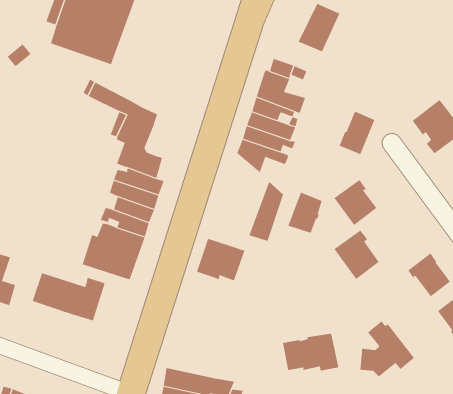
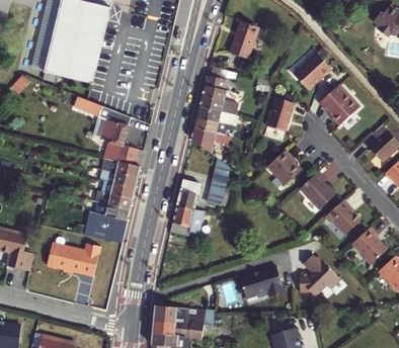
building: none -> [294,52,331,90]
building: [287,192,322,233] -> [176,179,201,209]
building: [333,229,379,280] -> [300,171,335,209]

